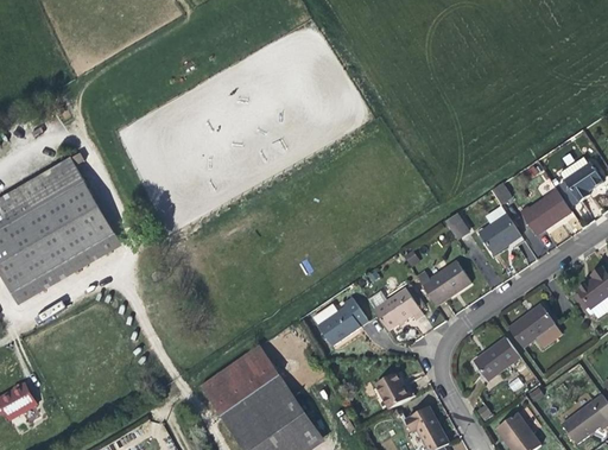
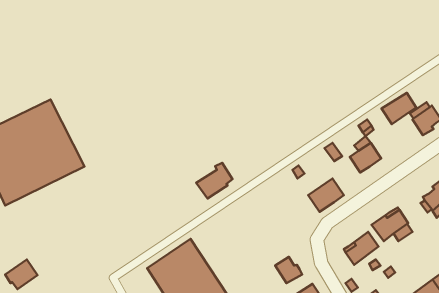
building: [521,189,569,232] -> [381,93,416,124]
building: [367,290,419,331] -> none
building: [317,299,367,348] -> [196,163,233,198]

